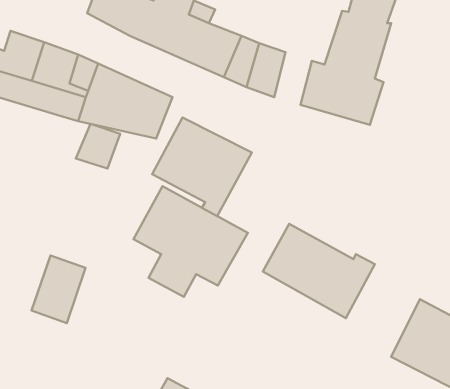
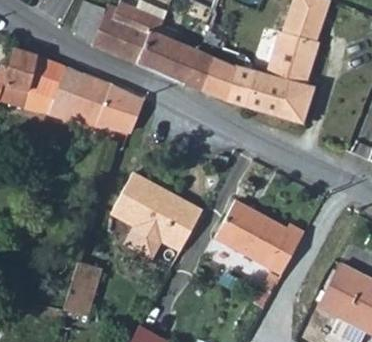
building: none -> [225,65,255,107]
building: [152,117,252,216] -> none
building: [76,124,120,168] -> none
building: [32,255,86,323] -> [66,259,109,313]

